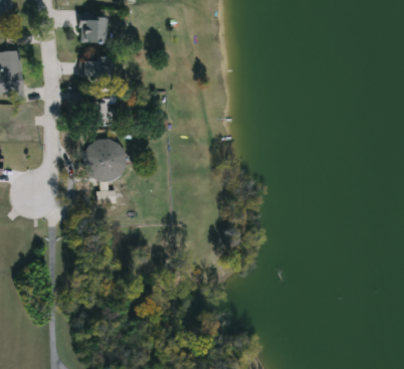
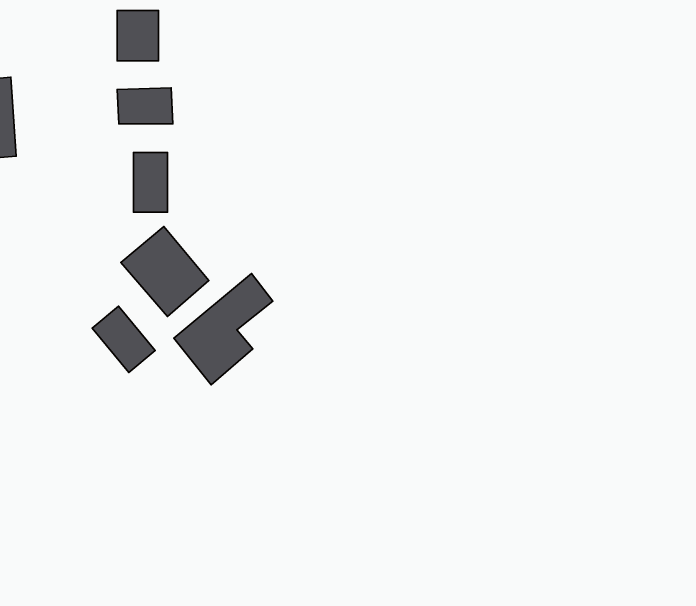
building: none -> [174,273,273,385]
building: none -> [92,306,155,372]

